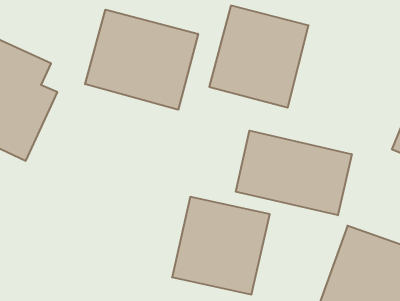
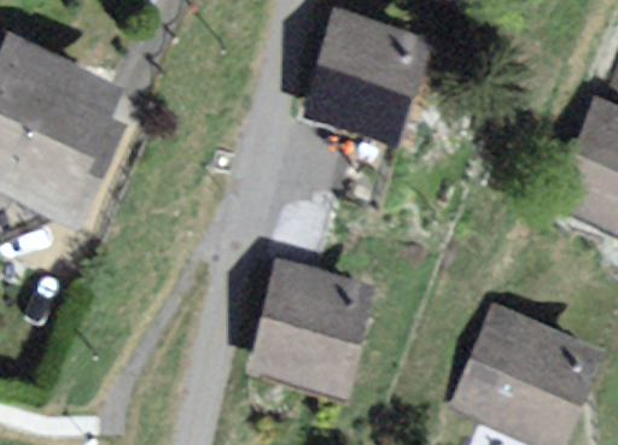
building: [85,10,198,110] -> none
building: [236,131,352,215] -> none

